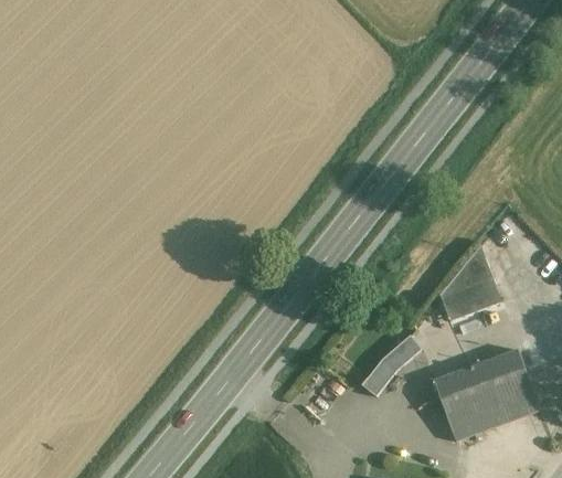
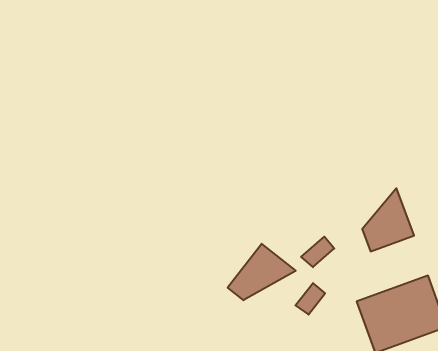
building: none -> [228,244,296,300]
building: [382,333,422,370] -> [301,237,334,267]

